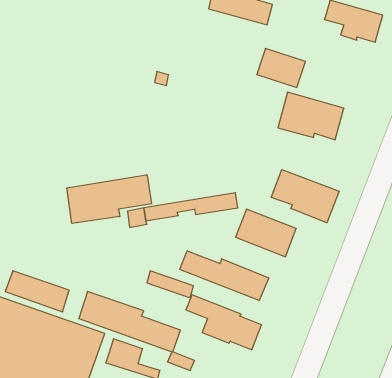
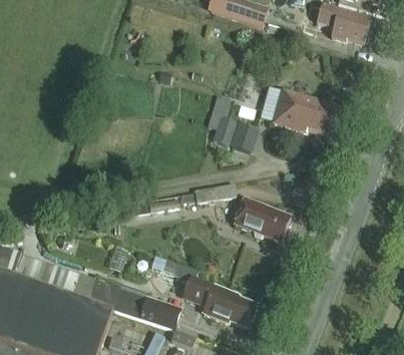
building: [257,48,305,87] -> [213,115,258,151]
building: [271,170,339,223] -> none
building: [67,175,152,223] -> none
building: [180,251,269,301] -> none

